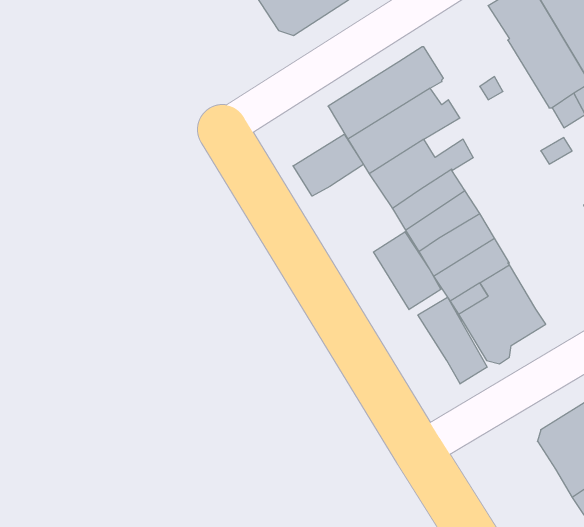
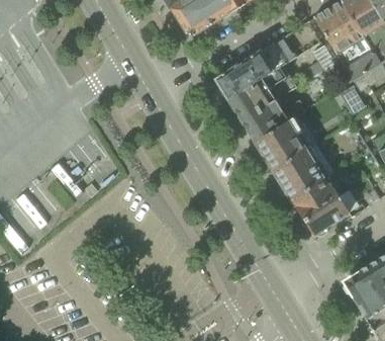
building: [293,134,363,196] -> none
building: [373,232,441,310] -> none
building: [418,297,487,384] -> none

